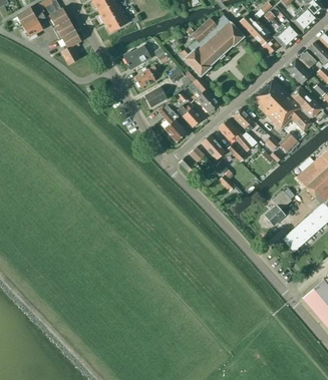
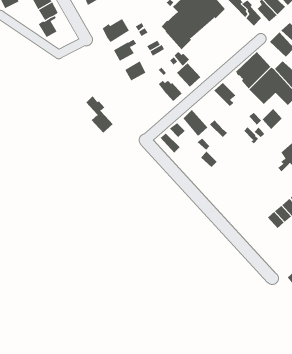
building: [159,104,187,141] -> [86,95,113,133]
building: [218,118,257,150] -> none
building: [265,187,295,225] -> none

